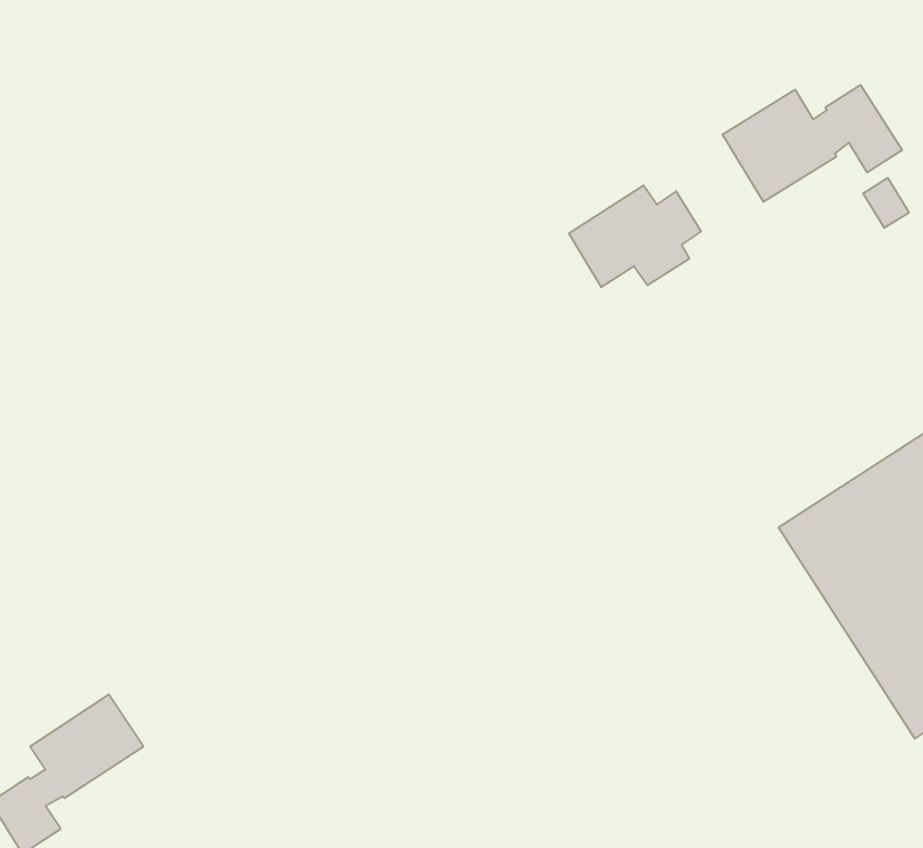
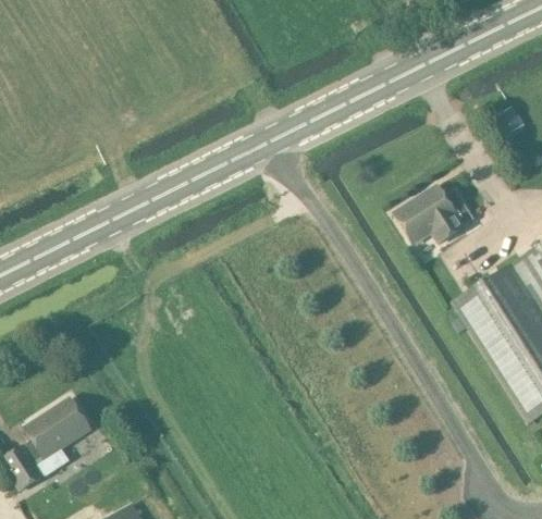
building: [722,85,902,202] -> none
building: [569,185,701,287] -> [395,186,470,244]

